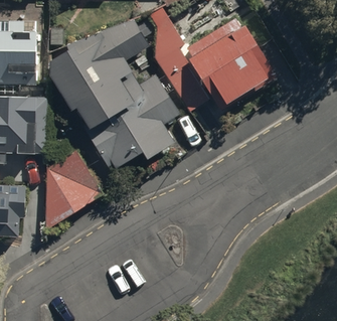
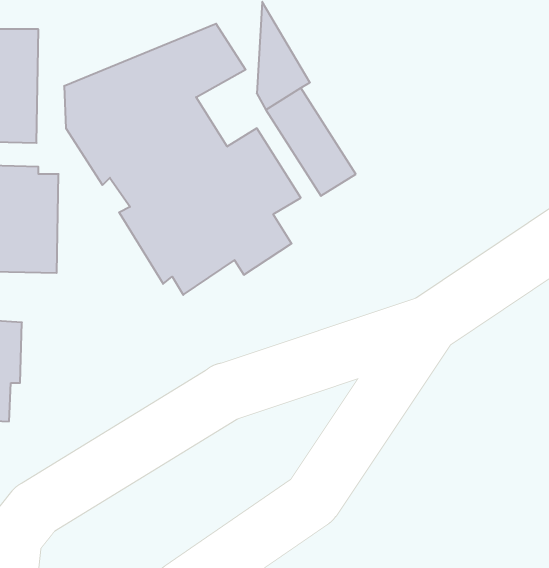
building: [184,12,278,107] -> none
building: [44,153,102,232] -> none

